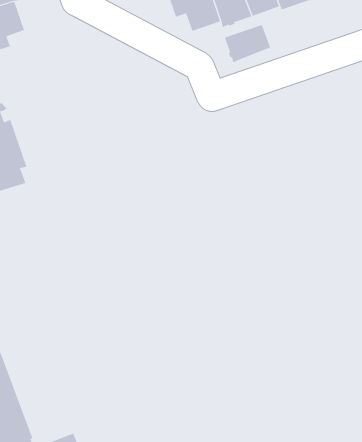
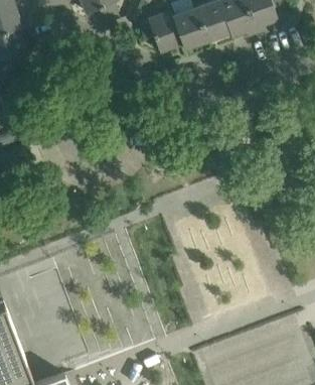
building: [224,24,271,63] -> none

